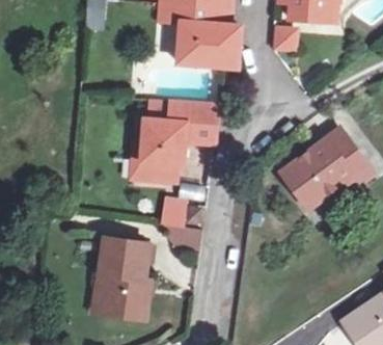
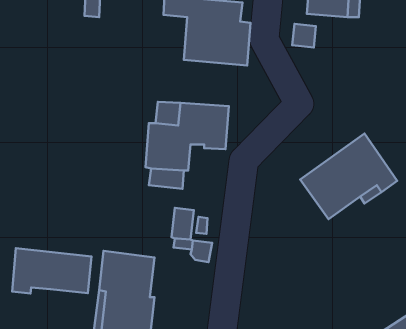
building: none -> [12,248,92,294]

